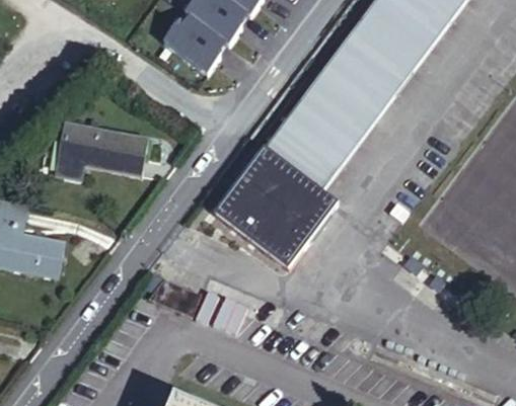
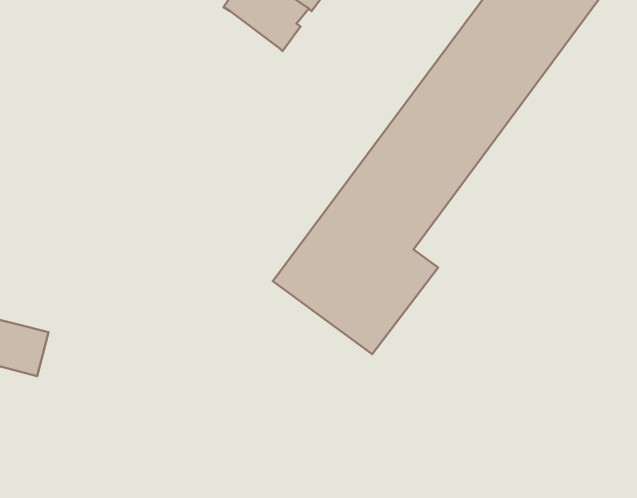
building: [161,10,224,68] -> none
building: [56,124,145,180] -> none

